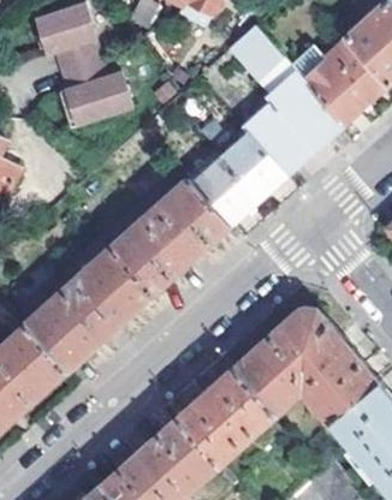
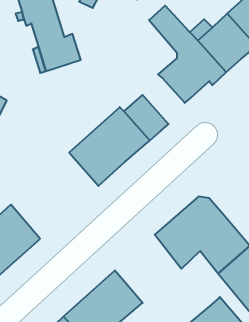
building: [219,133,286,202] -> none
building: [24,244,154,371] -> none
building: [178,365,277,466] -> none

